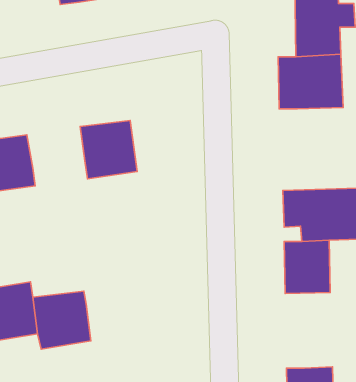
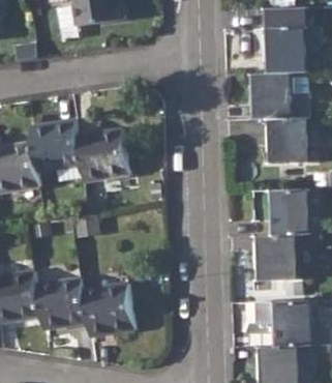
building: none -> [267,118,307,164]
building: none -> [29,120,82,171]
building: none -> [83,285,133,335]
building: none -> [256,300,312,346]

